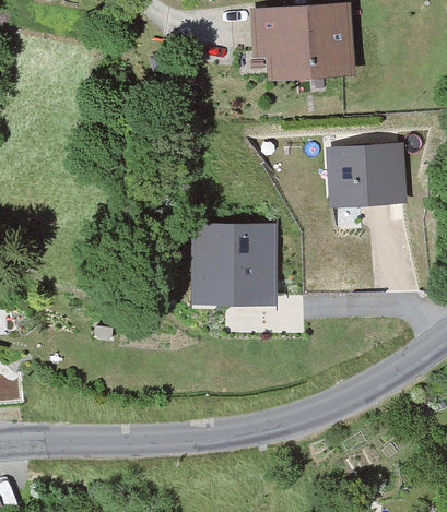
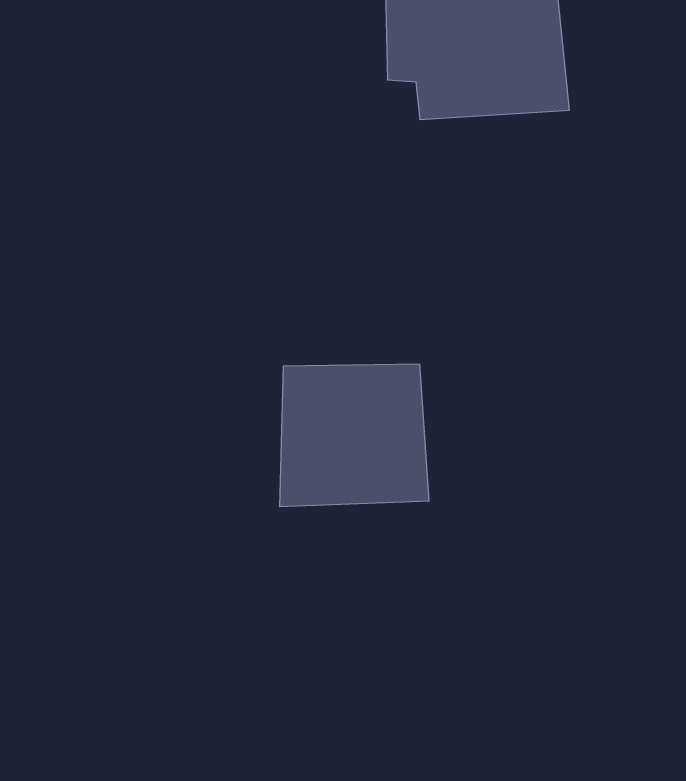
building: [325,144,408,209] -> none

